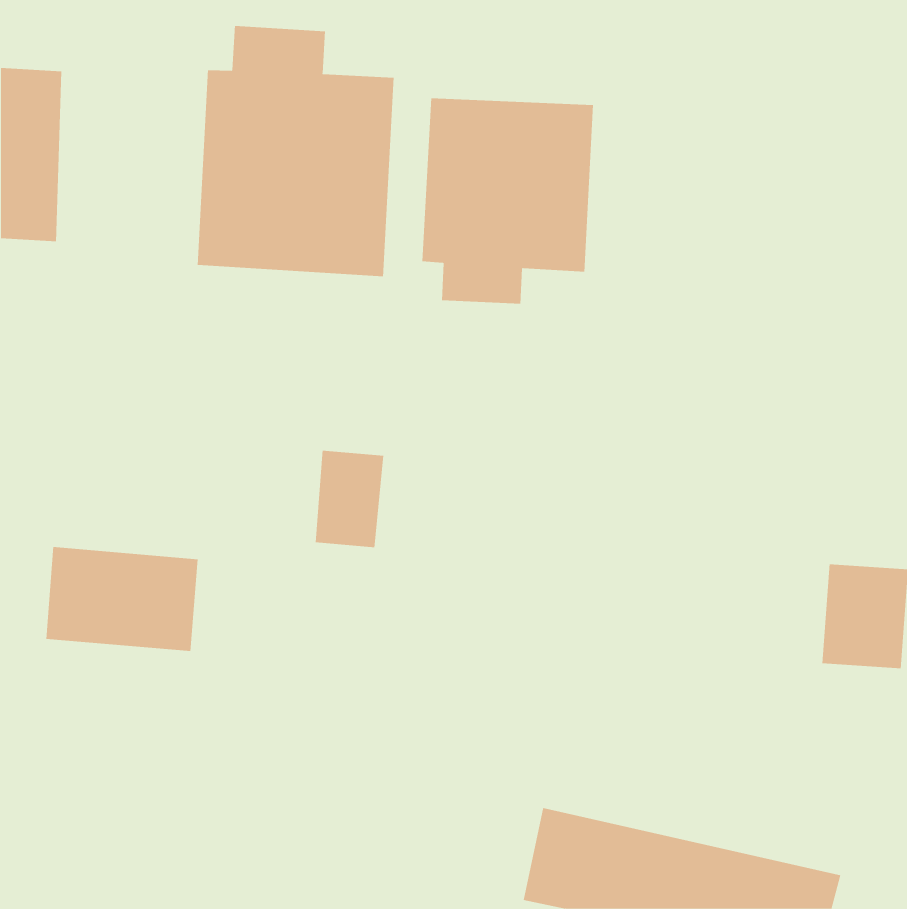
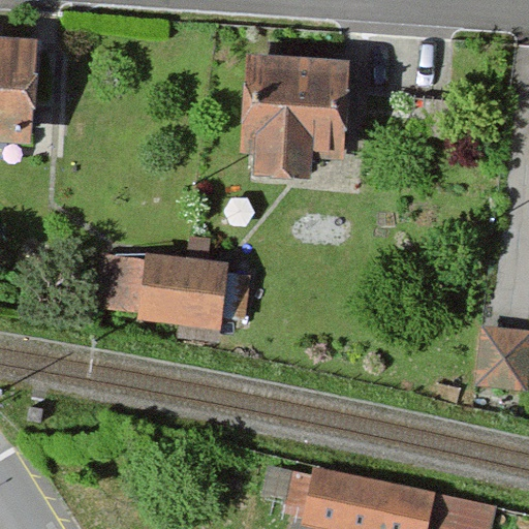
building: [197,25,394,277] -> none
building: [45,547,198,652] -> [99,254,188,315]

